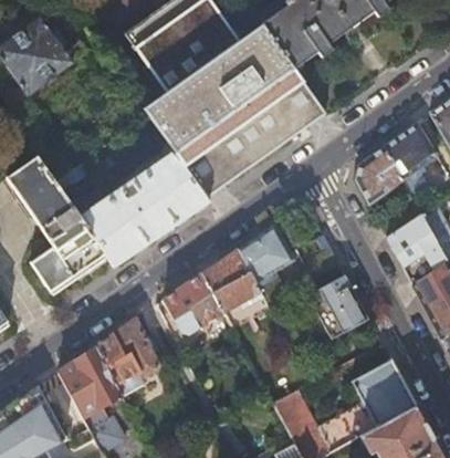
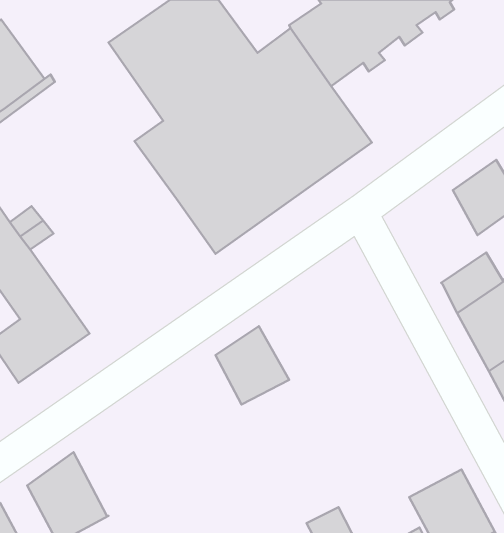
building: [356,147,404,206] -> none
building: [81,154,208,268] -> none
building: [237,226,294,284] -> none
building: [164,273,224,334] -> none
building: [314,275,369,340] -> none
building: [95,321,157,396] -> none

